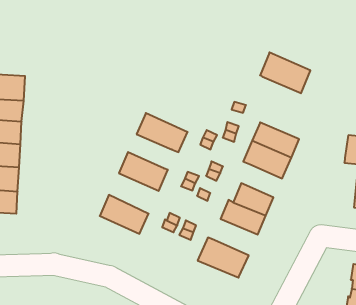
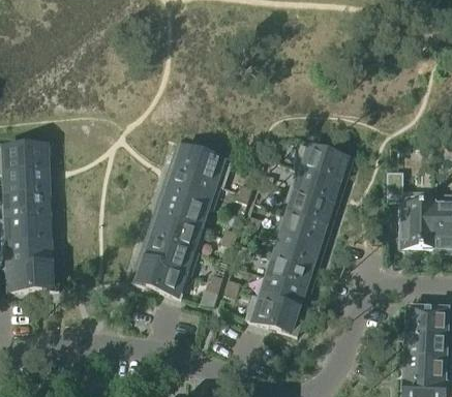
building: [260,52,310,93] -> [294,143,345,182]
building: none -> [176,146,232,187]
building: none -> [161,193,207,226]
building: none -> [282,213,325,245]
building: none -> [146,236,200,275]
building: none -> [258,273,305,308]

